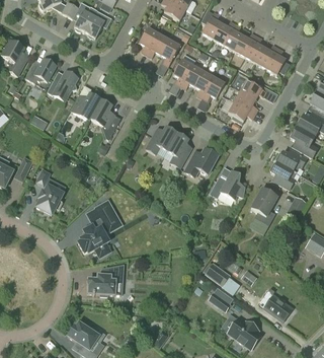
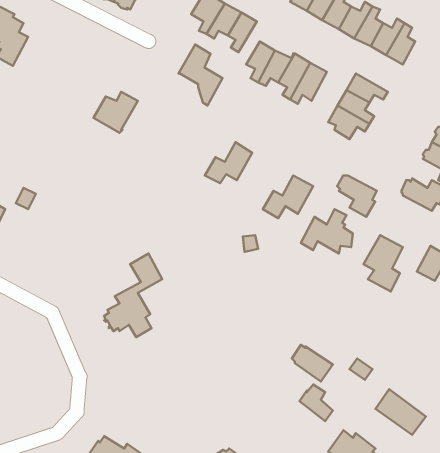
building: [25,58,56,82] -> none
building: [47,70,77,100] -> none
building: [89,98,118,139] -> [178,45,223,106]
building: [166,133,187,167] -> none
building: [269,161,296,189] -> [337,176,377,217]
building: [35,169,62,214] -> none
building: [87,264,123,295] -> none

